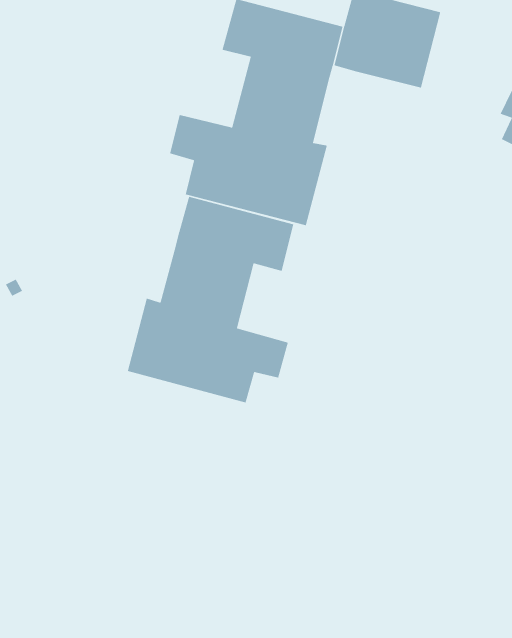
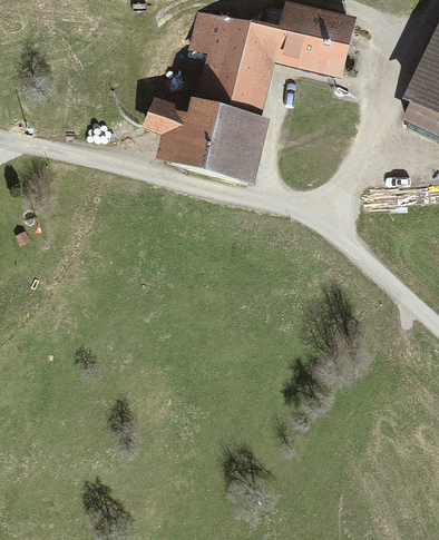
building: [127,196,294,404] -> none

